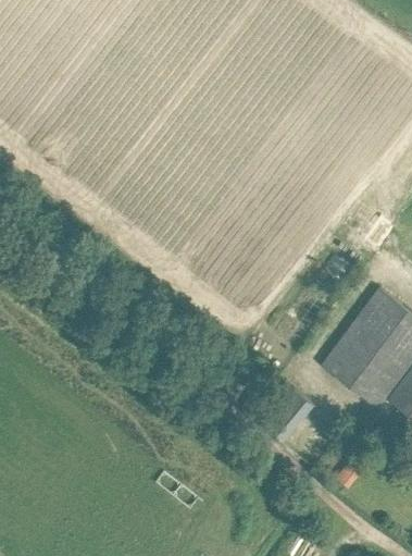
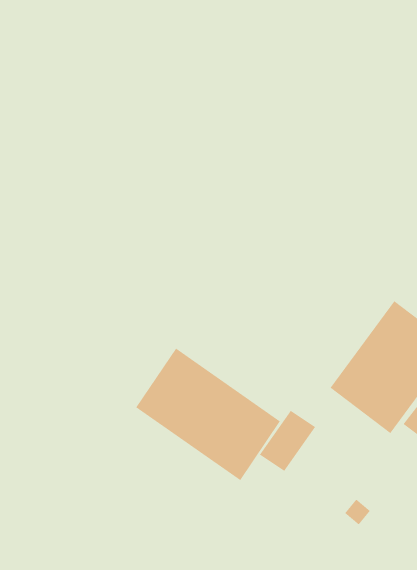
building: none -> [135,347,281,481]

